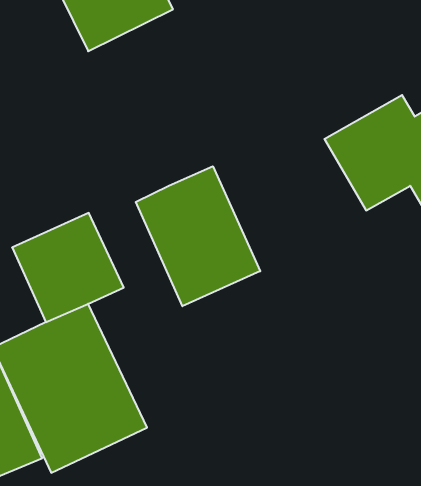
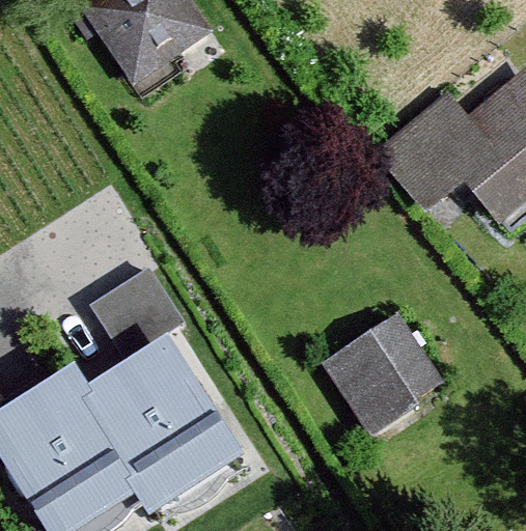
building: [136,166,260,306] -> none
building: none -> [323,315,445,435]

